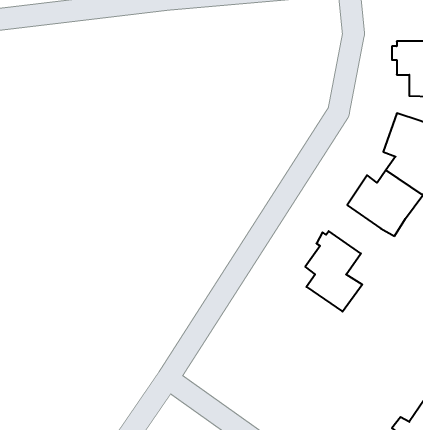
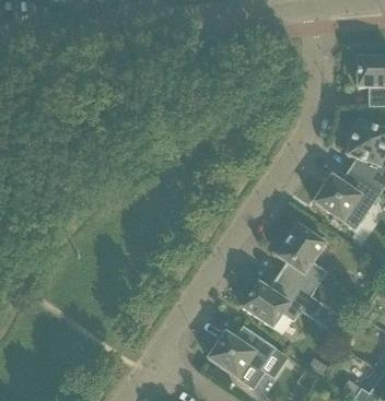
building: none -> [242,272,323,327]
building: none -> [208,325,275,387]

